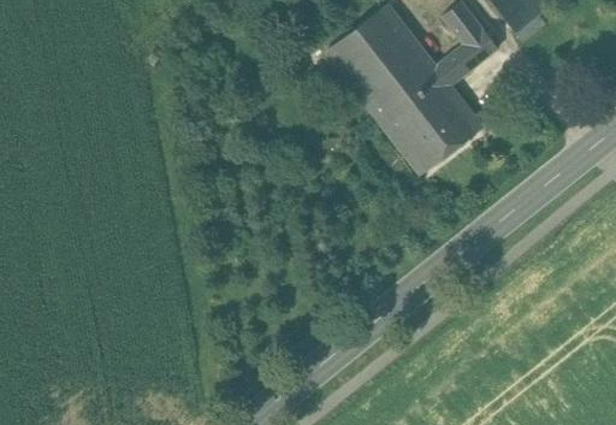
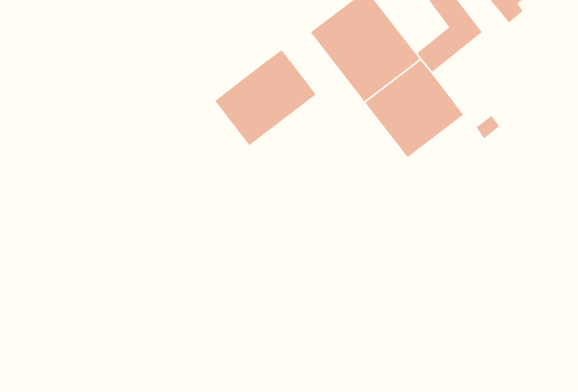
building: none -> [214,49,317,146]

